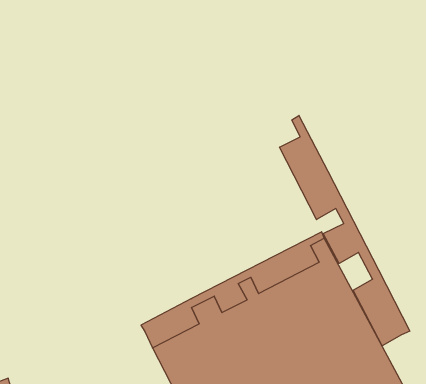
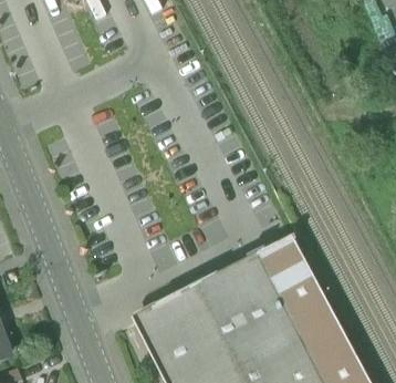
building: [280,115,410,346] -> none

